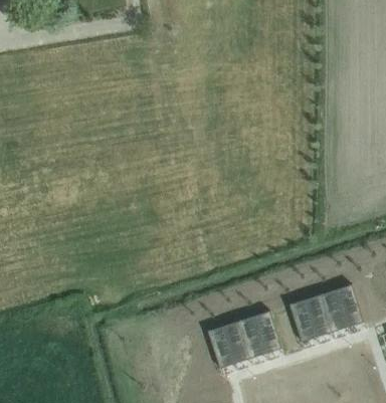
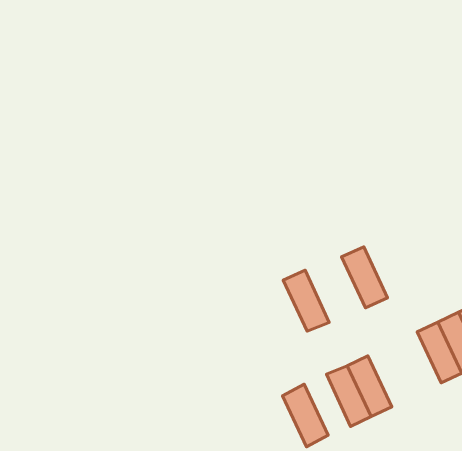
building: [291,299,319,342] -> [342,247,388,308]
building: [224,321,252,363] -> [283,270,329,331]

